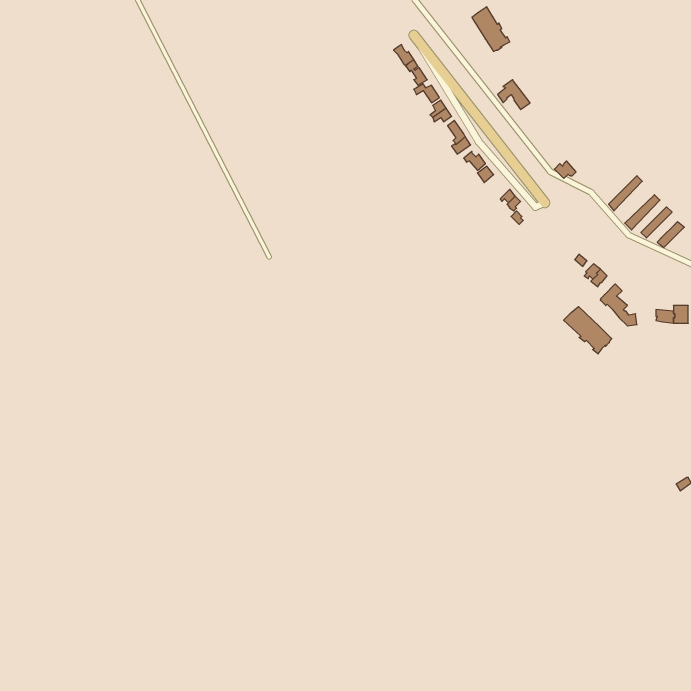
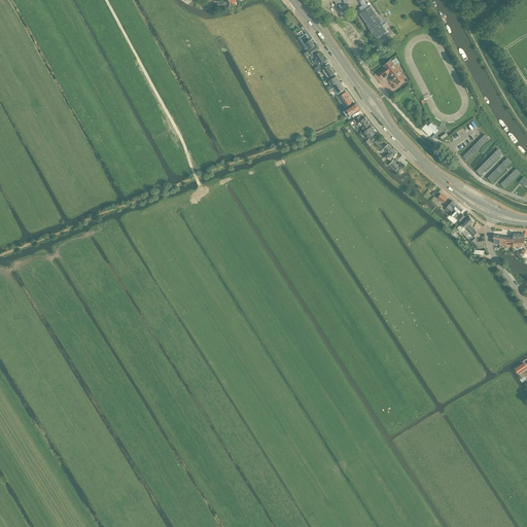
building: [564,307,612,354] -> none

